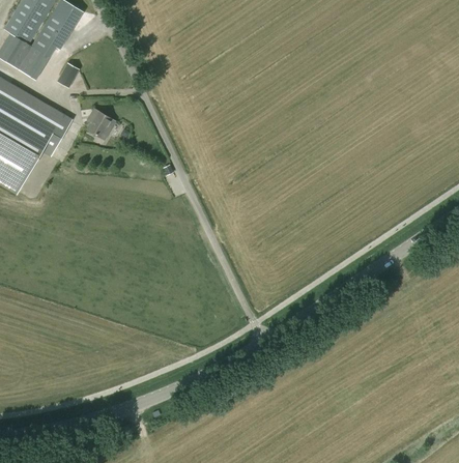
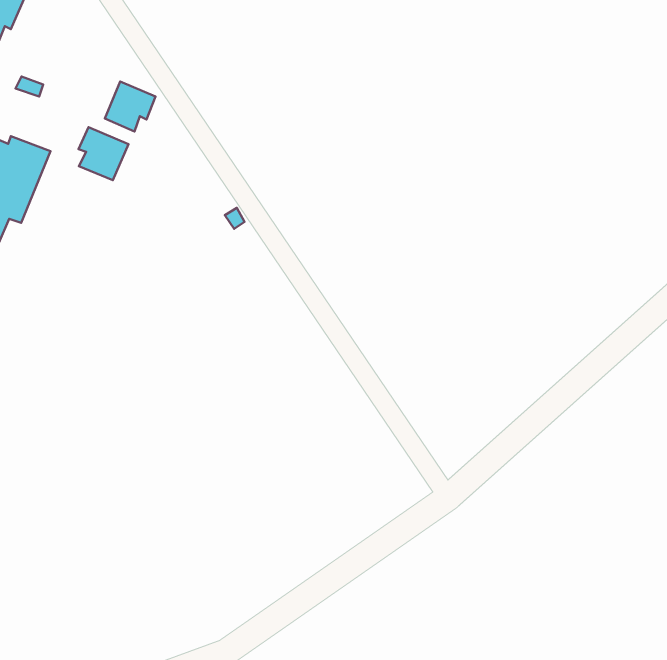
building: none -> [105,81,156,131]

